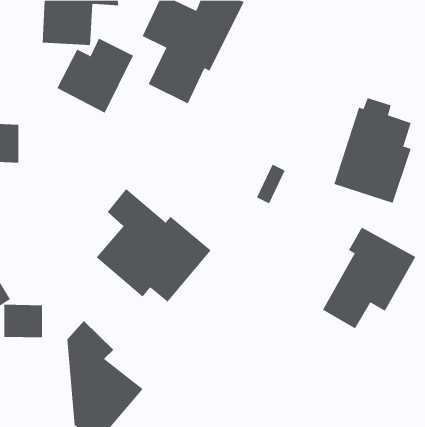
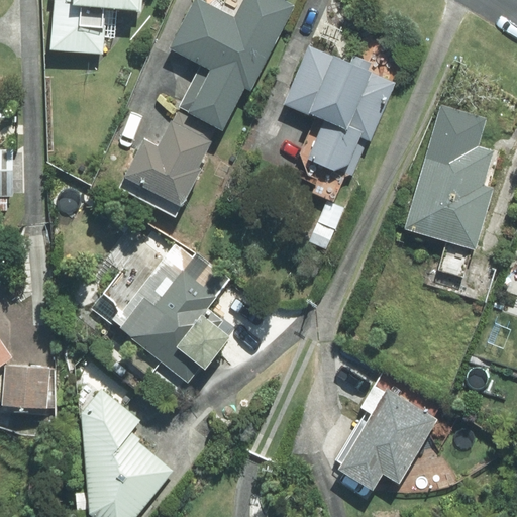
building: none -> [283,45,399,172]
building: [57,38,134,114] -> [124,120,217,211]
building: [322,227,416,329] -> [326,379,439,502]

